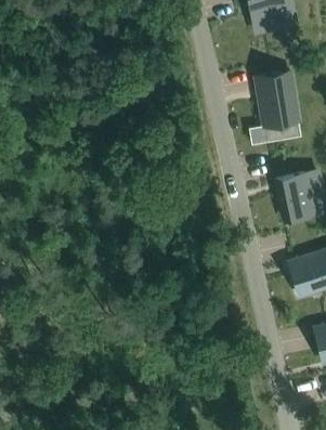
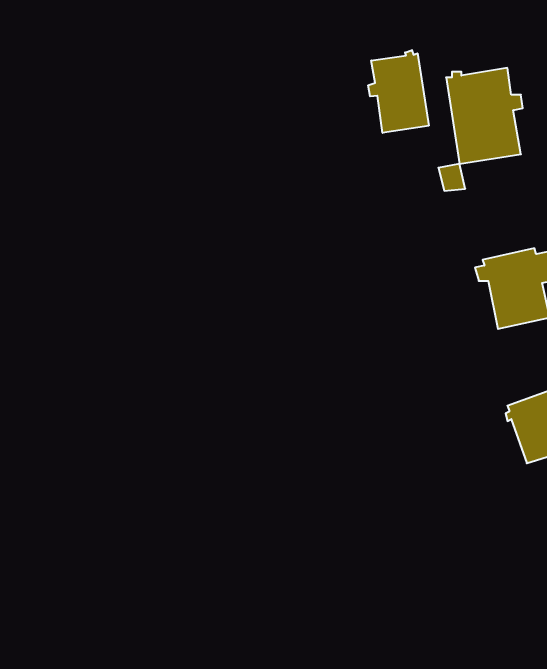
building: none -> [368,50,429,133]

